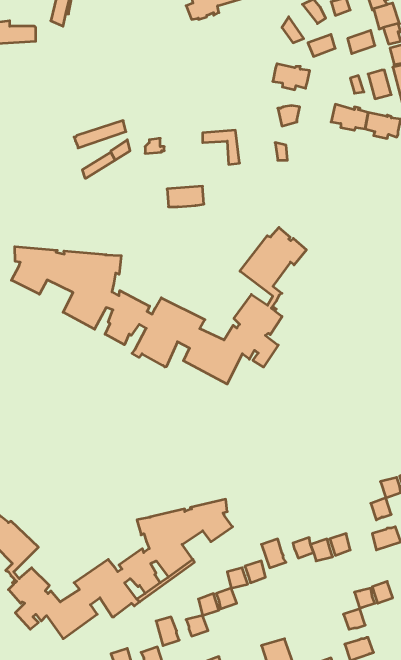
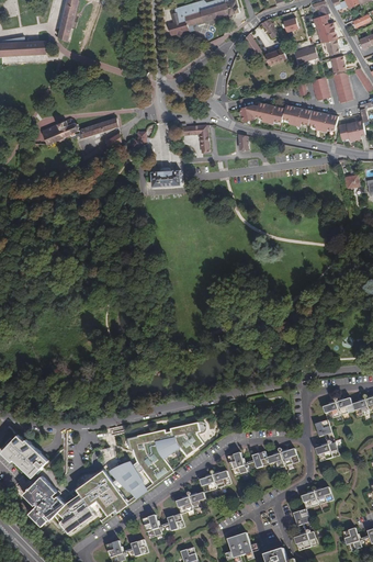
building: [273,64,310,90] -> [255,102,284,123]
building: none -> [41,117,78,144]
building: [11,227,306,384] -> none

